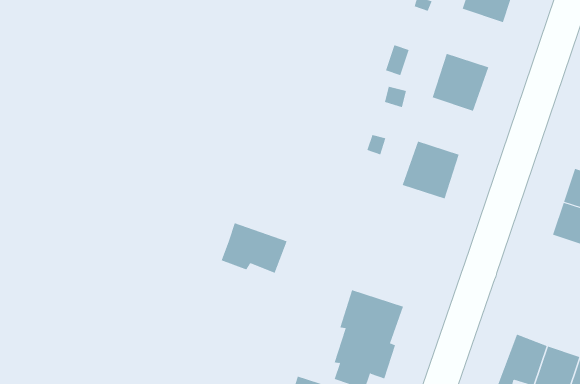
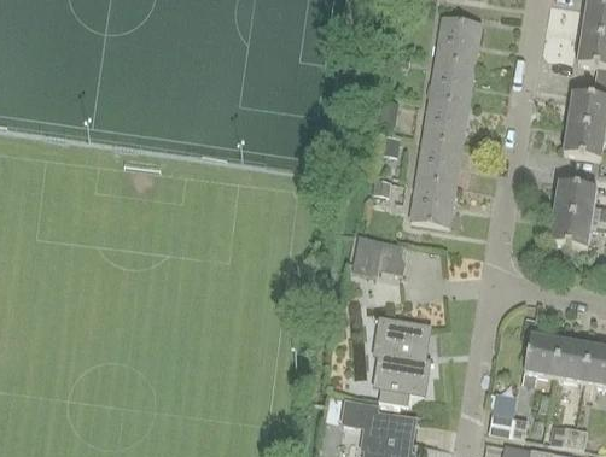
building: none -> [429,55,474,102]
building: none -> [416,137,461,183]
building: [221,223,288,274] -> [351,234,407,274]

